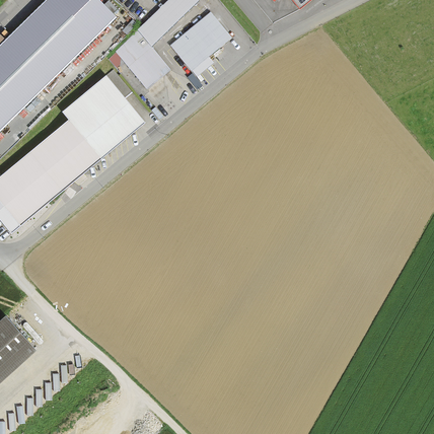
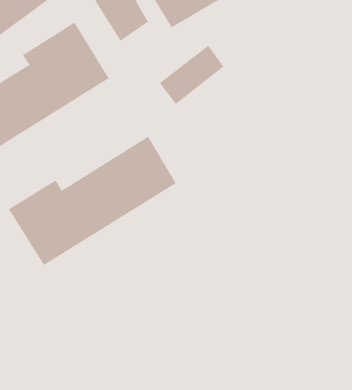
building: none -> [159,45,224,105]
building: none -> [8,136,177,266]

